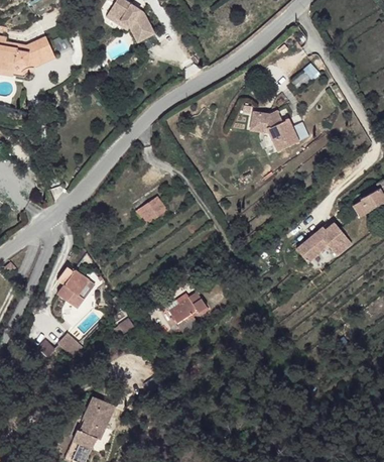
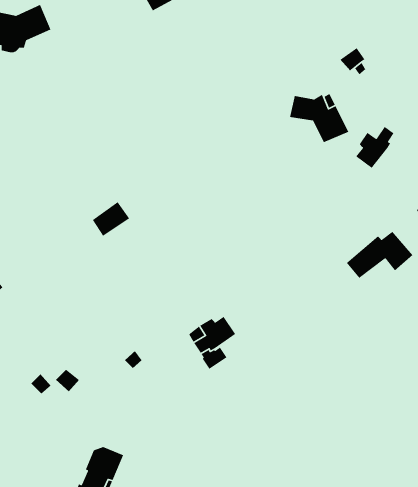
building: none -> [355,126,394,169]
building: [135,196,166,225] -> [92,201,130,237]
building: [55,264,94,308] -> none

